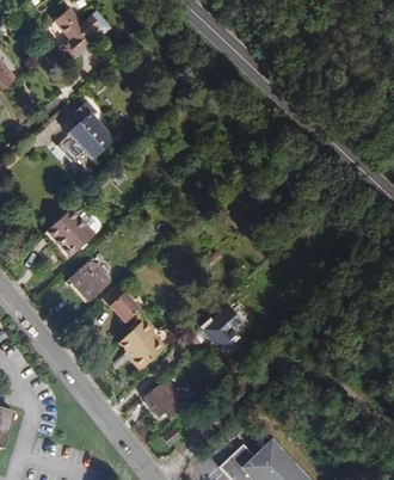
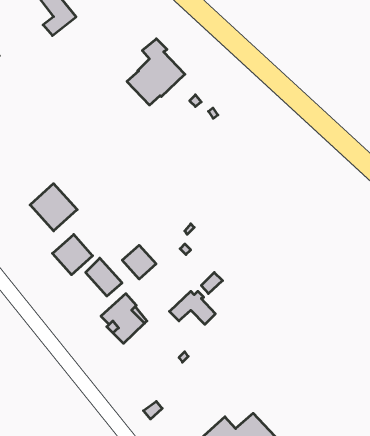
building: [56,103,115,170] -> [127,39,185,105]
building: none -> [122,245,156,279]
building: [144,384,184,419] -> none

